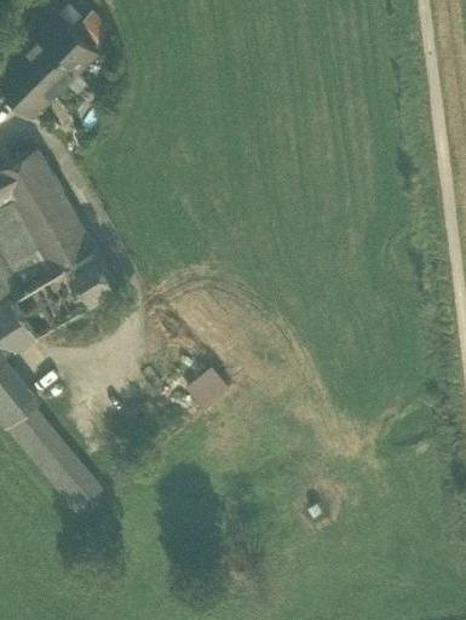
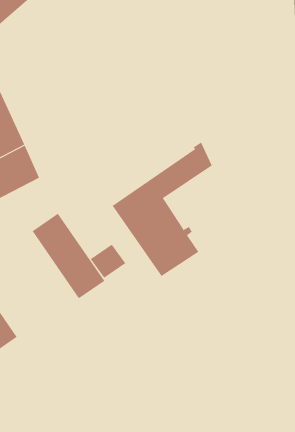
building: none -> [112,142,213,277]
building: none -> [32,213,105,299]

